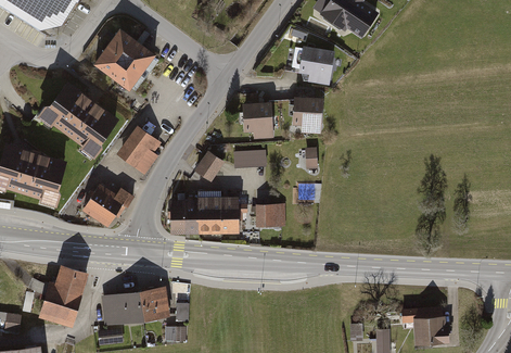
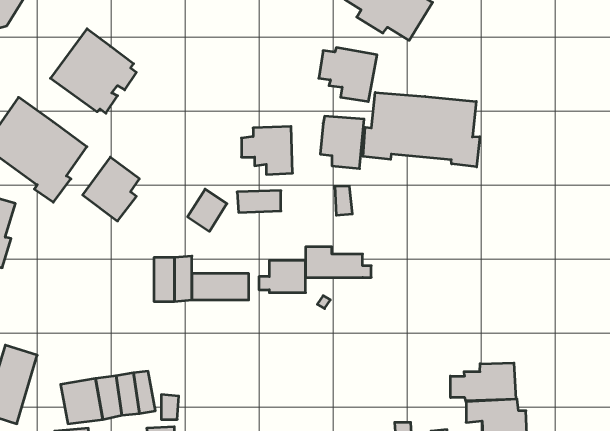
building: none -> [363,92,480,167]
building: [81,184,132,226] -> none
building: [197,190,246,213] -> [306,247,371,277]
building: none -> [450,363,516,401]

